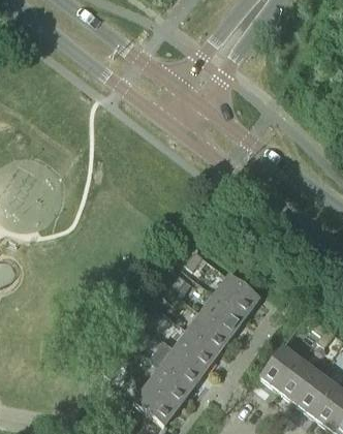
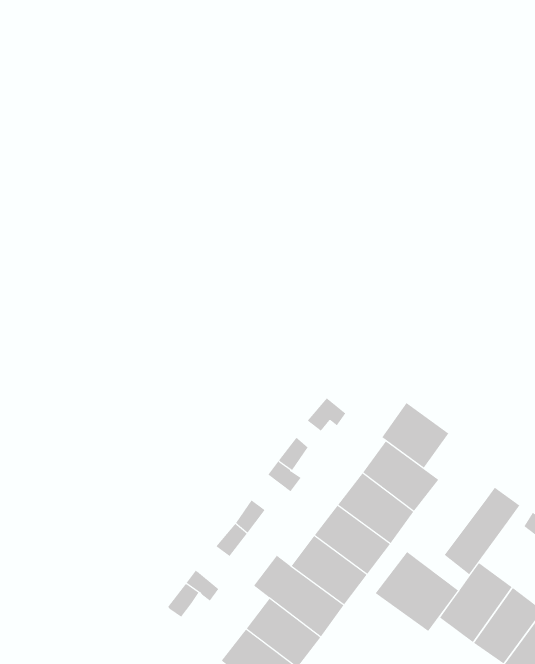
building: none -> [382,402,449,469]
building: none -> [444,487,520,575]
building: none -> [375,551,459,632]

